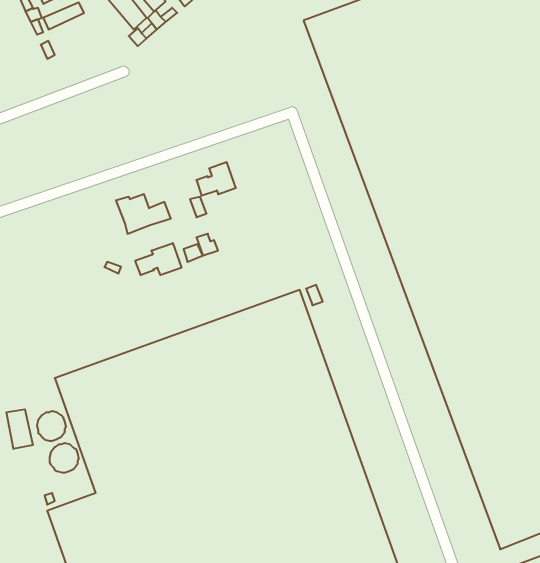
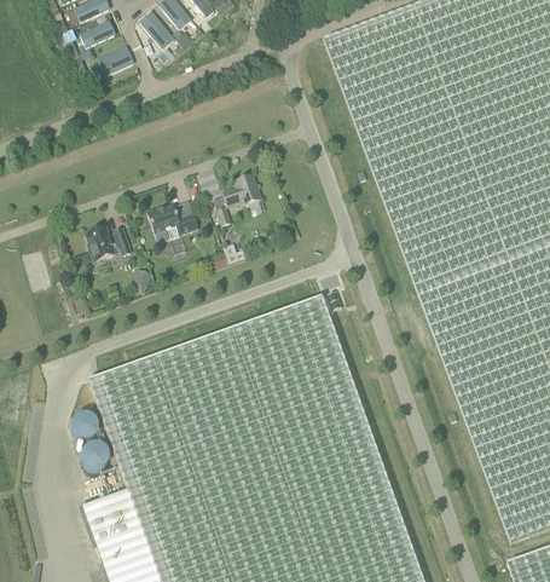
building: none -> [98,45,137,76]
building: none -> [86,225,131,260]
building: [135,243,181,275] -> none
building: [6,409,33,449] -> none

